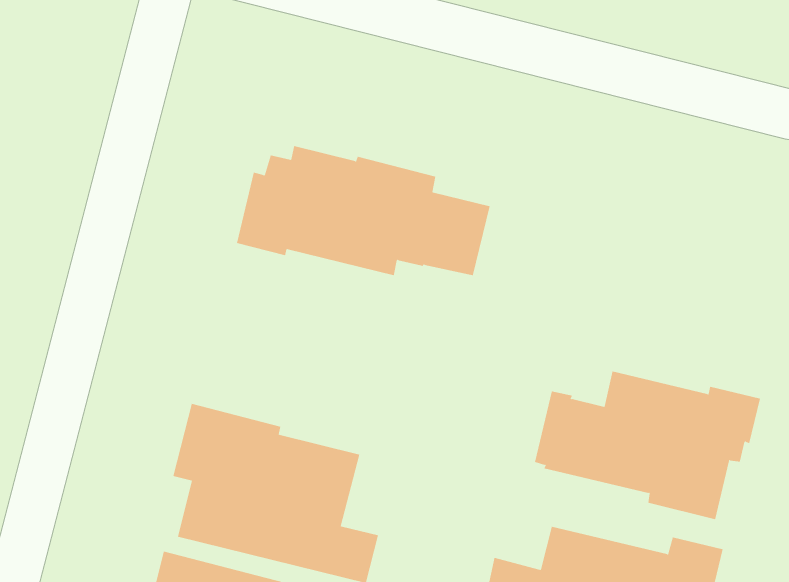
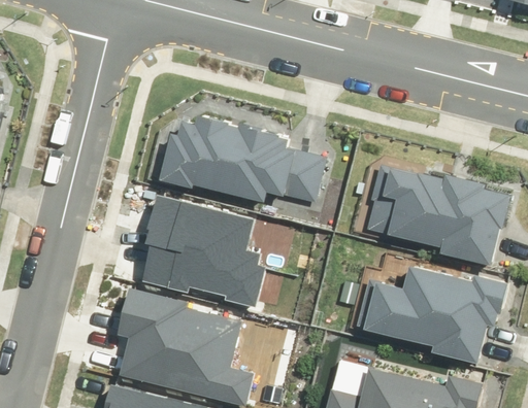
building: none -> [367,164,510,266]
building: none -> [142,193,268,309]

